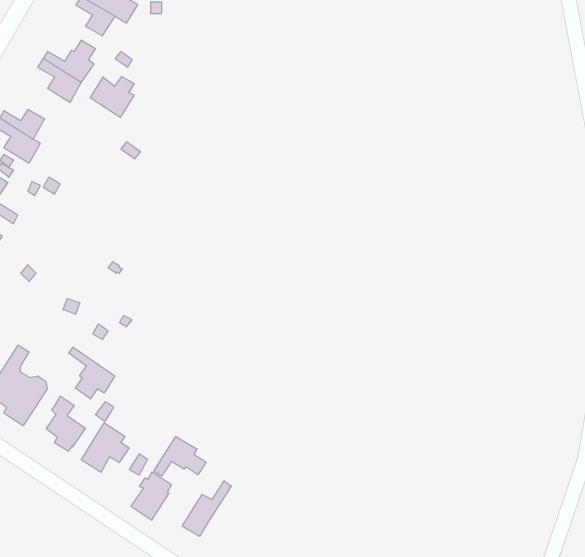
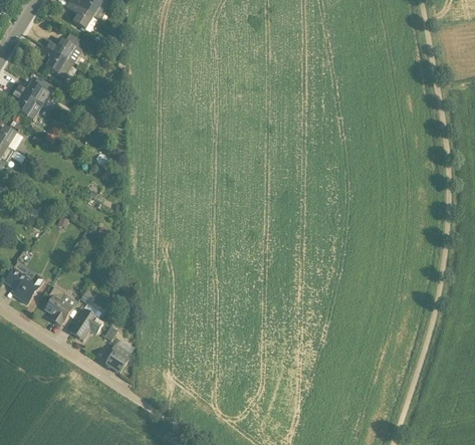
building: [90,76,134,118] -> none
building: [69,347,115,399] -> none
building: [154,436,206,476] -> none
building: [182,481,231,536] -> none

